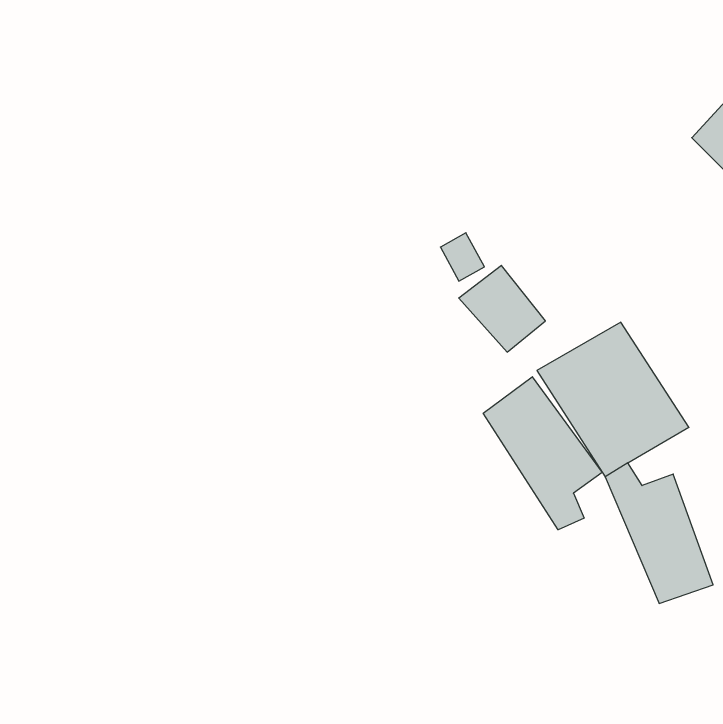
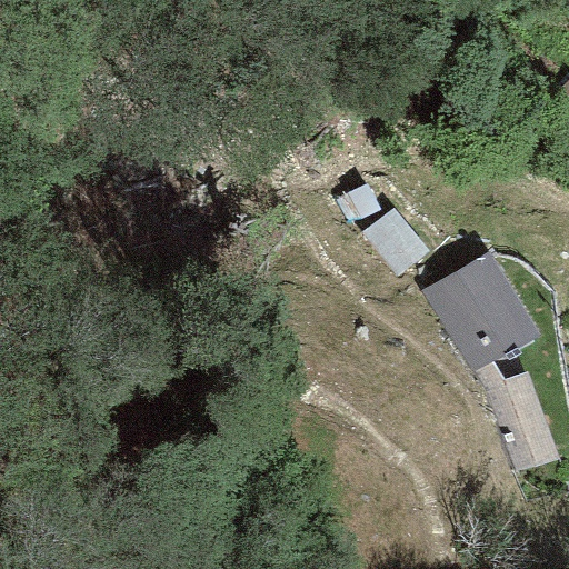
building: [483,377,602,530] -> none

